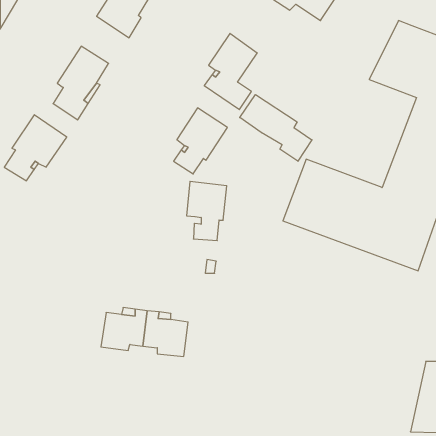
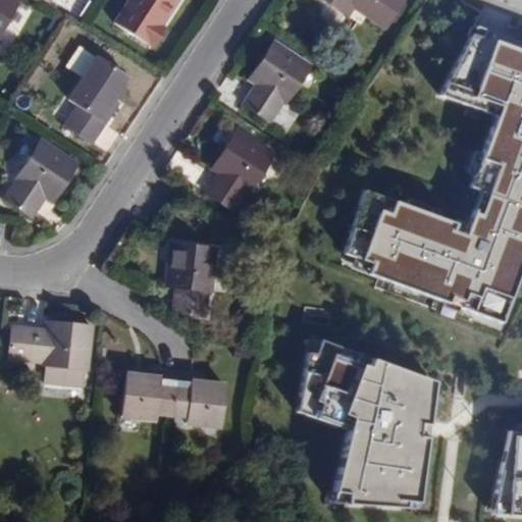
building: [240,95,312,161] -> none
building: [187,181,227,241] -> [167,242,215,312]
building: none -> [10,320,93,383]
building: none -> [297,336,430,508]

